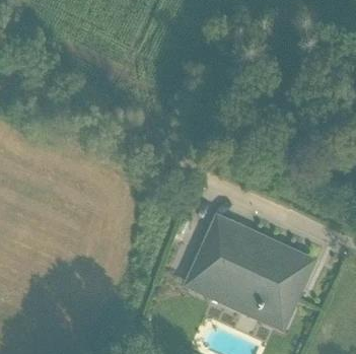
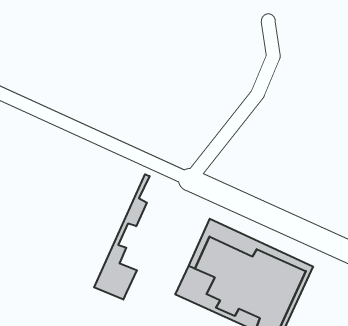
building: none -> [94,174,150,300]

